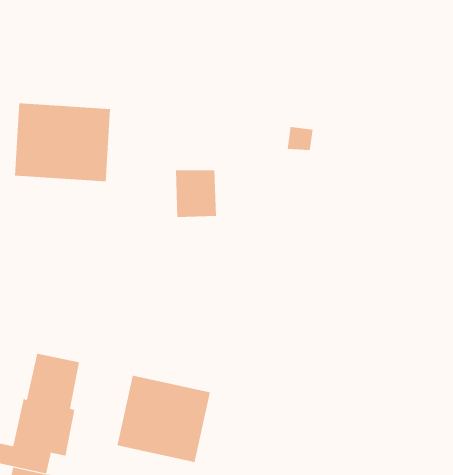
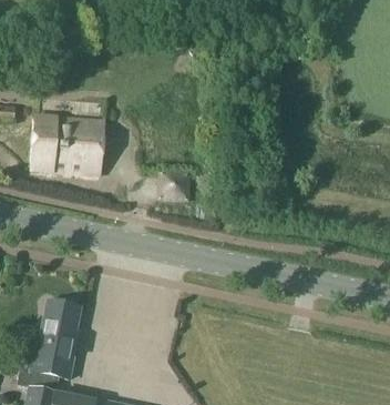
building: [117,375,210,463] -> none

